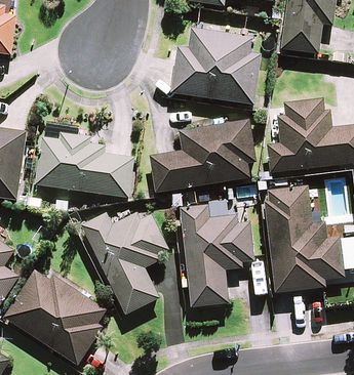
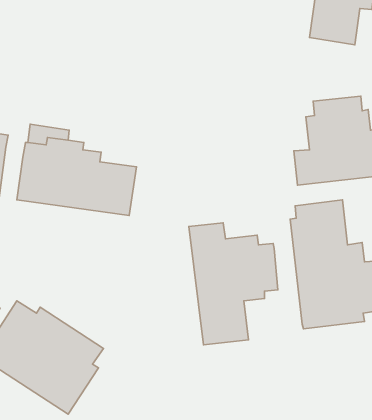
building: [170,27,262,105] -> none
building: [149,119,257,193] -> none
building: [80,211,168,315] -> none

